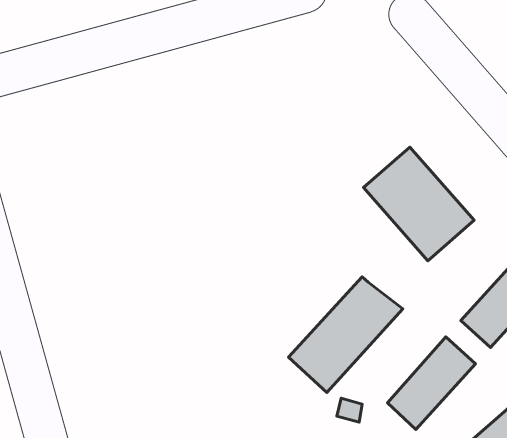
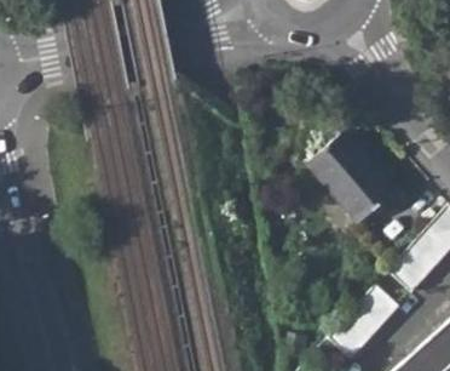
building: [289,277,403,392] -> none

